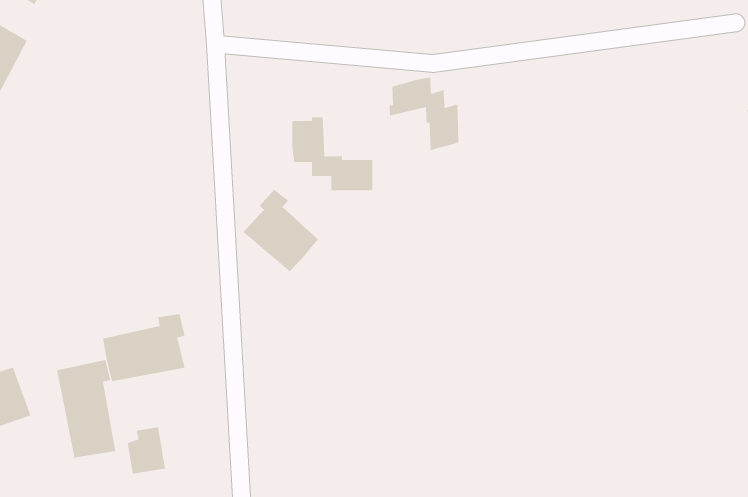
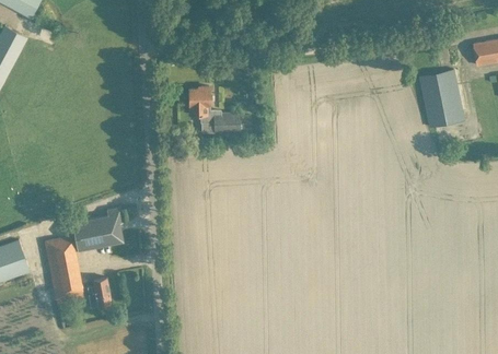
building: [389,77,459,151] -> none
building: none -> [420,71,464,128]
building: [243,189,319,273] -> none

